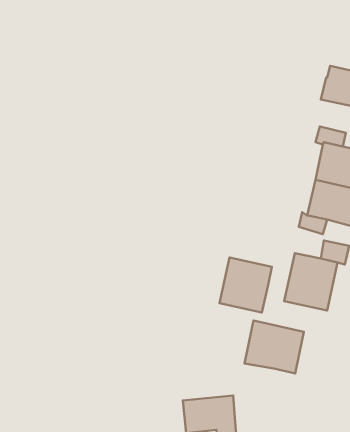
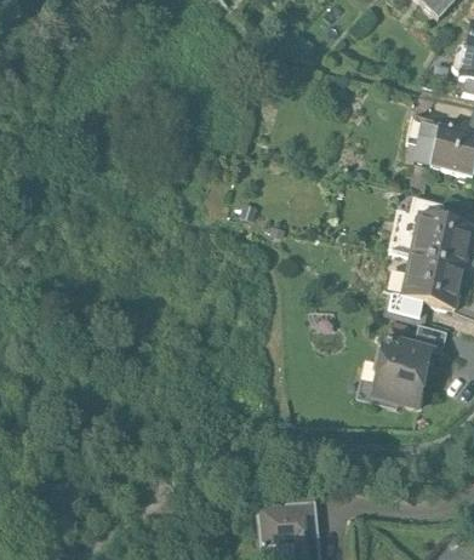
building: [220,258,272,313] -> none
building: [244,320,304,374] -> none

